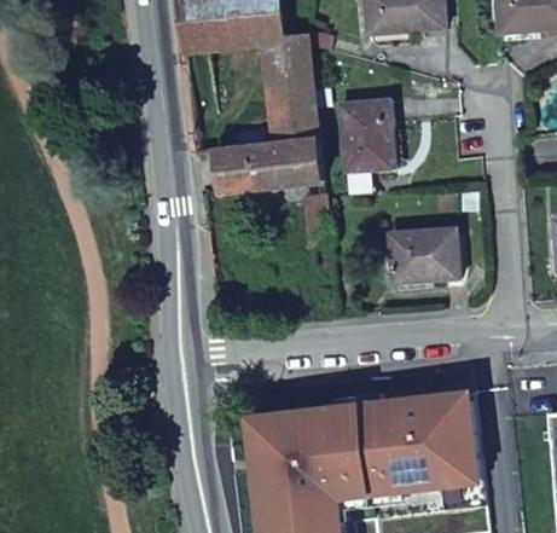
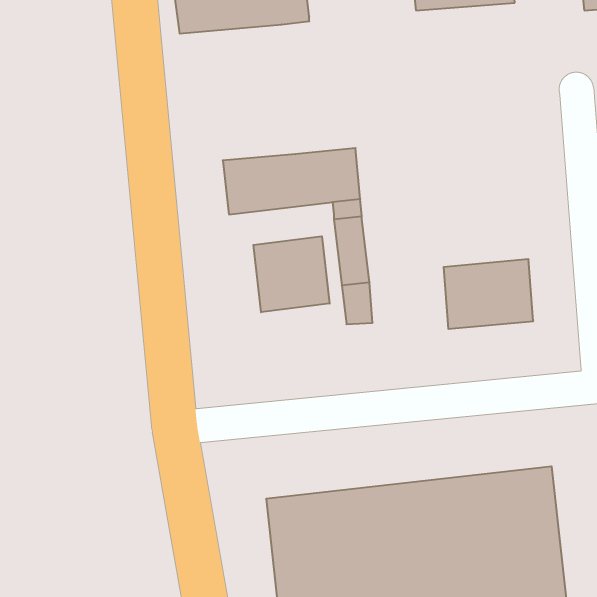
building: [262,35,320,145] -> none
building: [340,99,395,170] -> none
building: none -> [253,236,330,312]

